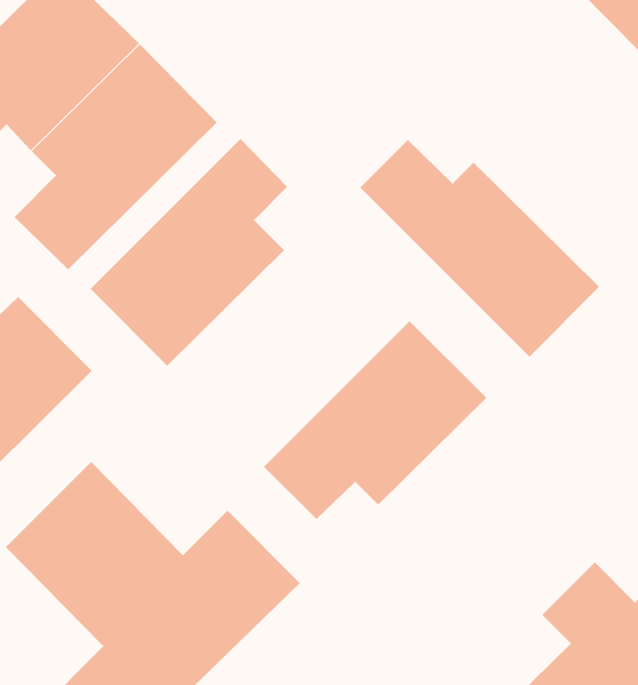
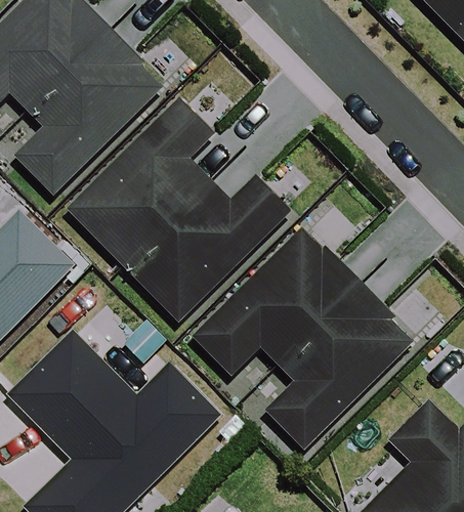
building: [360,139,600,358] -> none
building: none -> [124,178,287,319]
building: none -> [263,285,411,449]

